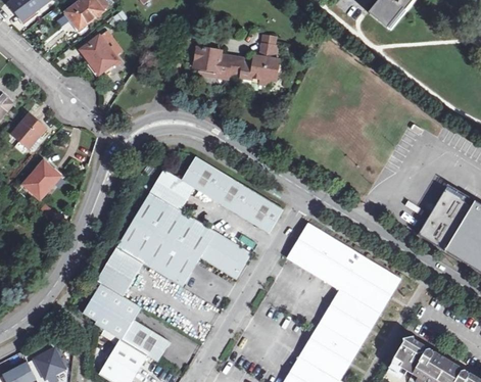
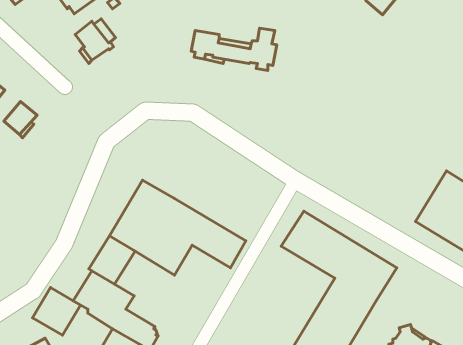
building: [149,157,283,232] -> none
building: [23,162,59,198] -> none
building: none -> [33,288,81,335]

